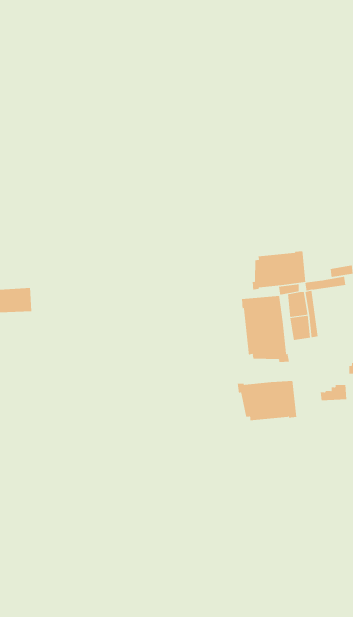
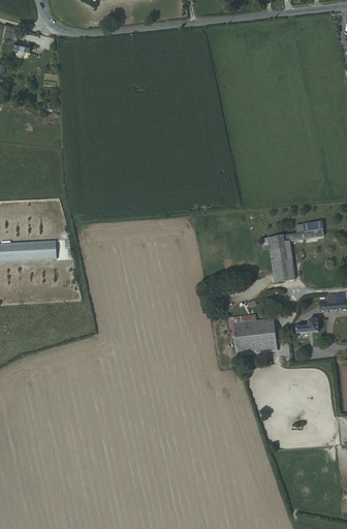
building: [252,251,306,290] -> none
building: [242,295,290,363] -> none

